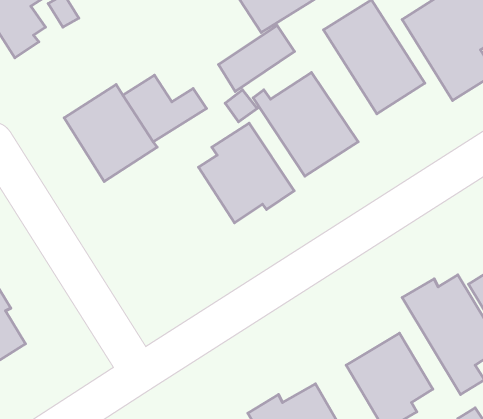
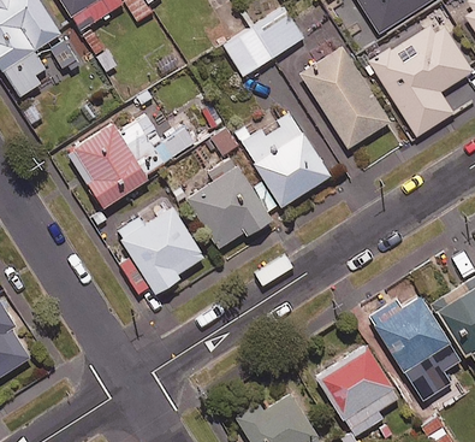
building: [219,26,294,91] -> none
building: none -> [120,207,203,294]

